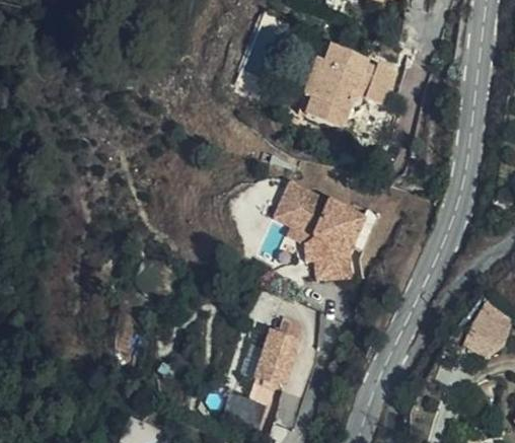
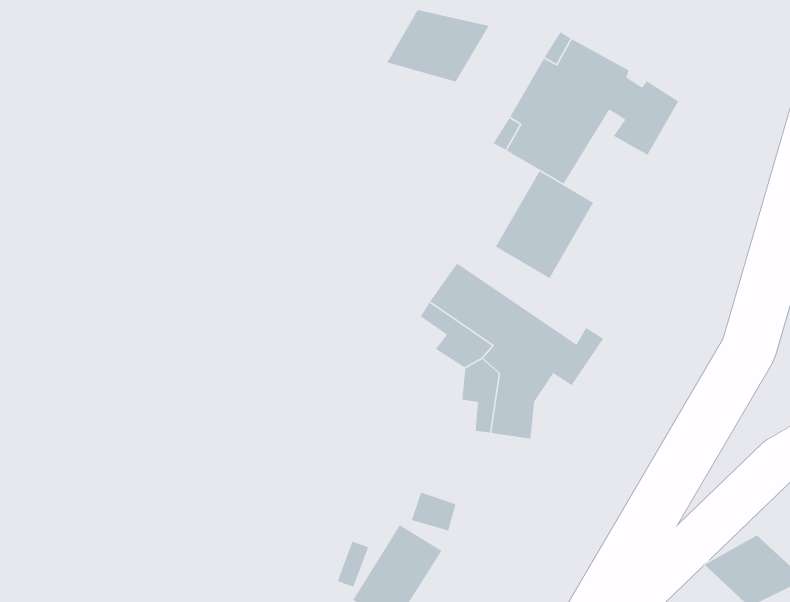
building: none -> [386,9,490,82]
building: none -> [495,170,594,279]

